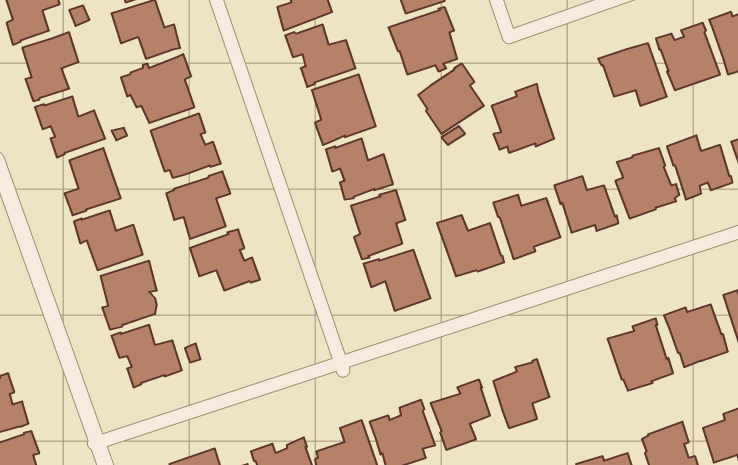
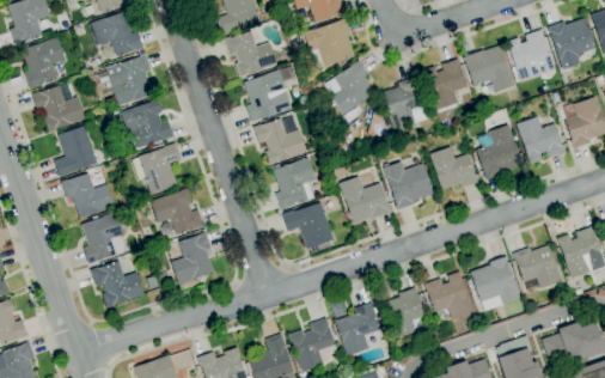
building: none -> [423,59,468,110]
building: none -> [171,232,214,285]
building: none -> [424,272,473,319]

